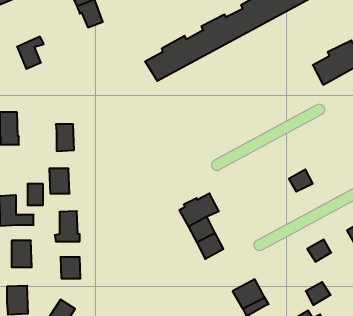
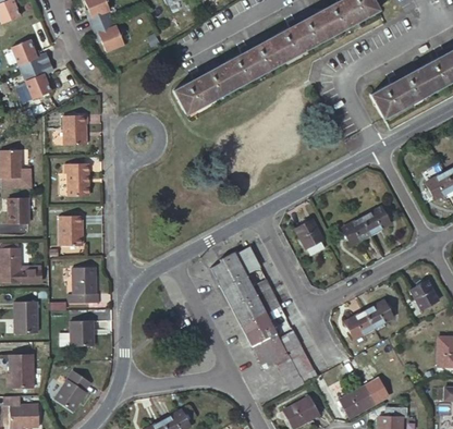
building: none -> [11,39,49,73]
building: none -> [63,115,87,146]
building: none -> [363,206,392,234]
building: none -> [296,218,325,254]
building: [27,184,43,205] -> [9,199,27,224]
building: none -> [244,311,287,366]
building: [306,282,331,305] -> [345,311,375,339]

